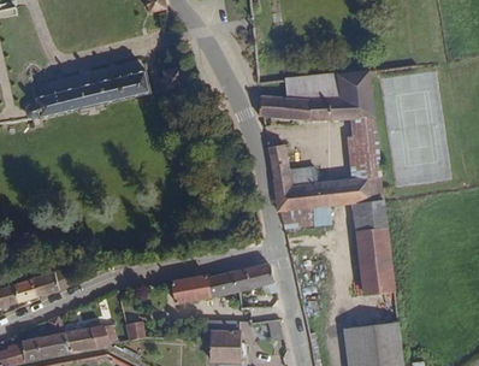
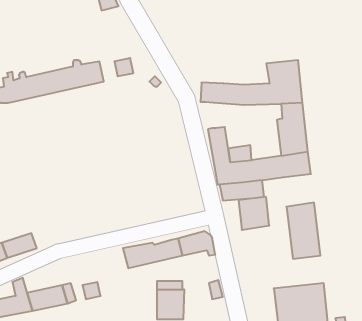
building: [284,73,337,98] -> none
building: [353,199,388,236] -> [239,197,269,230]

